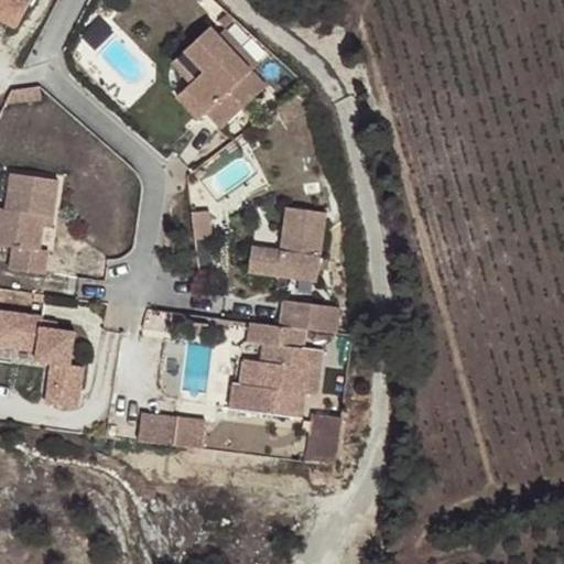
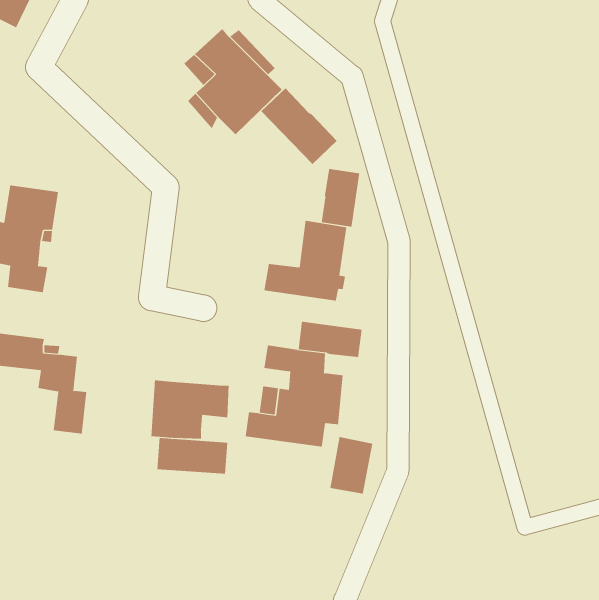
building: none -> [260,88,337,165]
building: none -> [321,168,360,227]
building: none -> [151,380,229,439]

